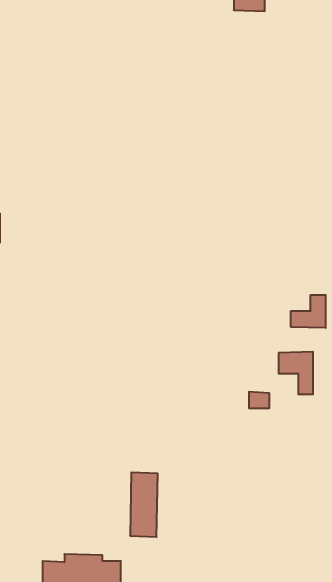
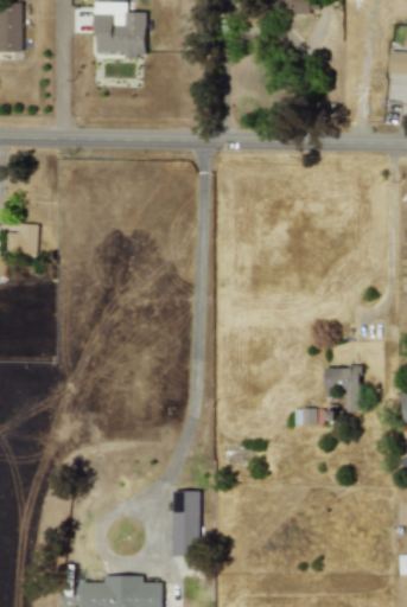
building: none -> [95,12,146,57]
building: [291,295,326,328] -> none

